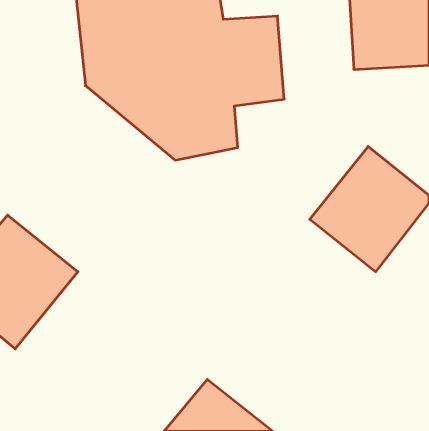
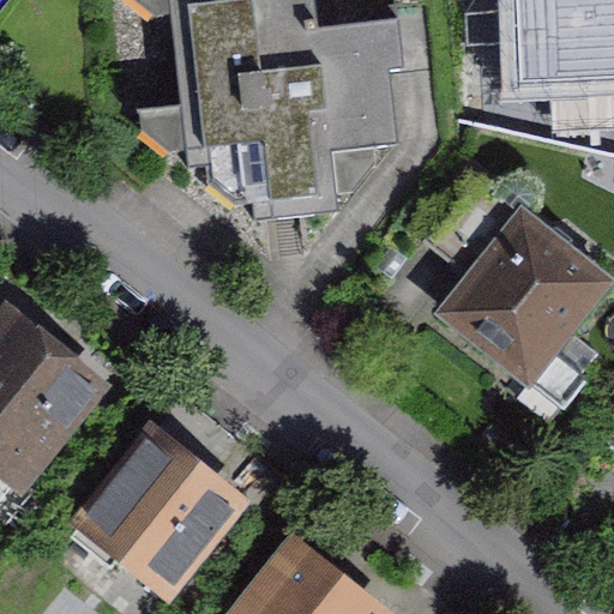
building: none -> [71,420,248,598]

